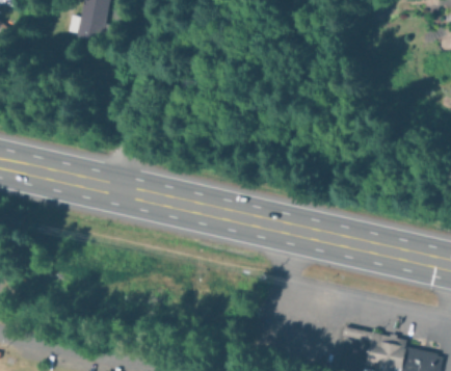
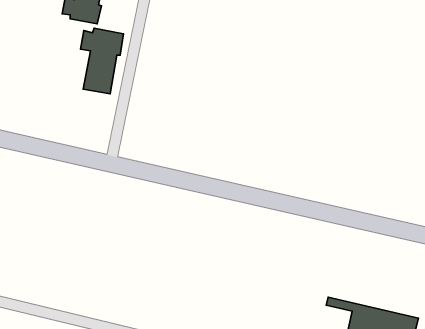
building: none -> [80,28,123,94]

